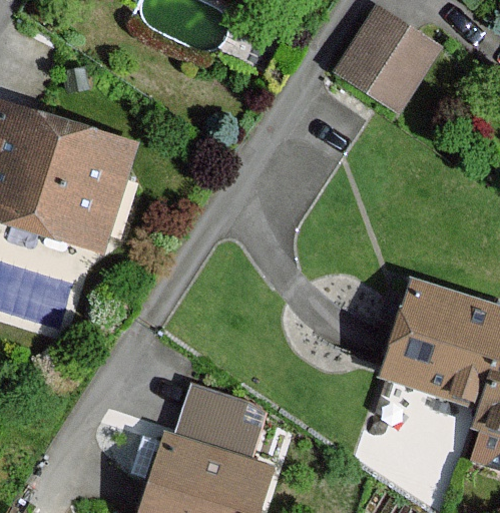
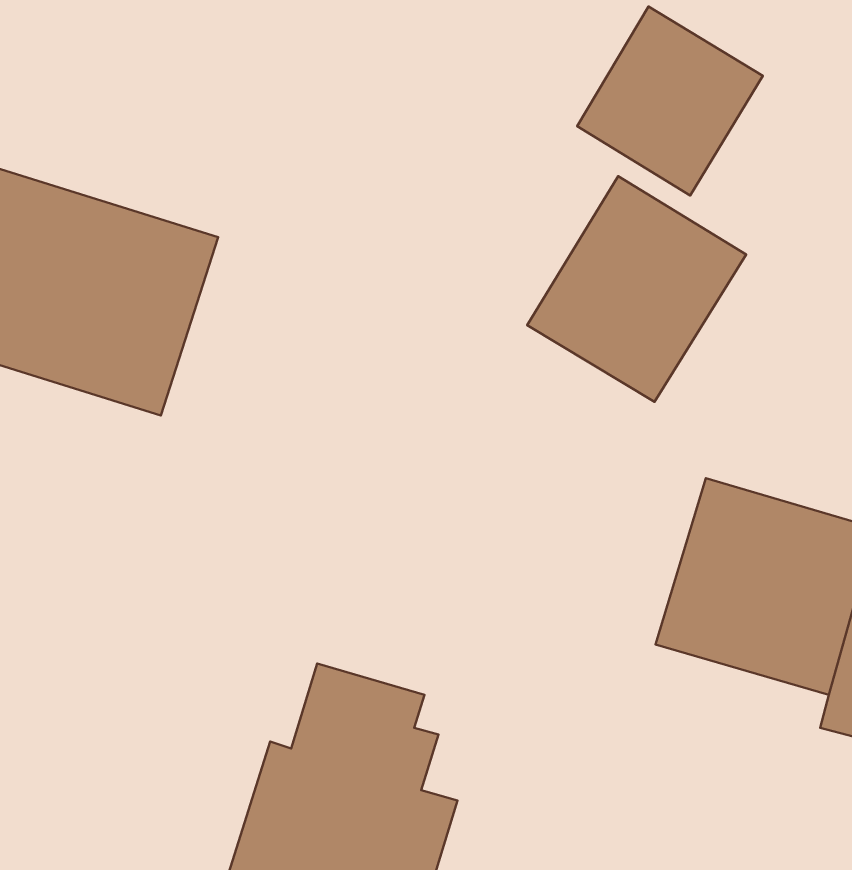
building: none -> [527,176,746,402]

